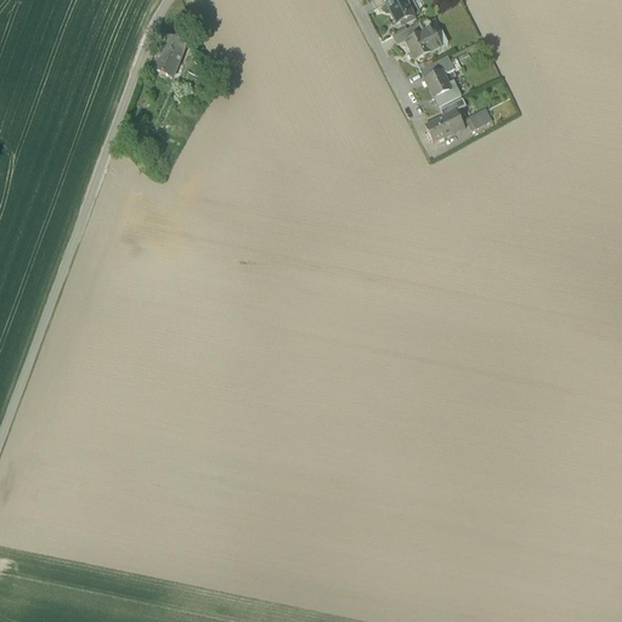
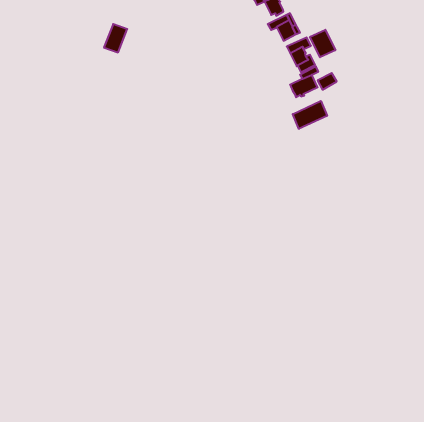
building: none -> [310,30,335,57]
building: none -> [293,101,327,129]

